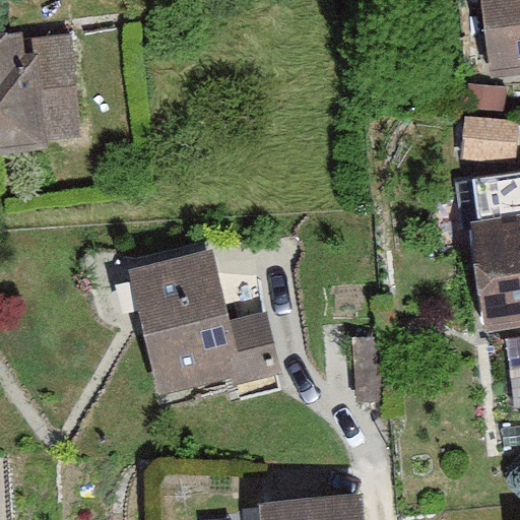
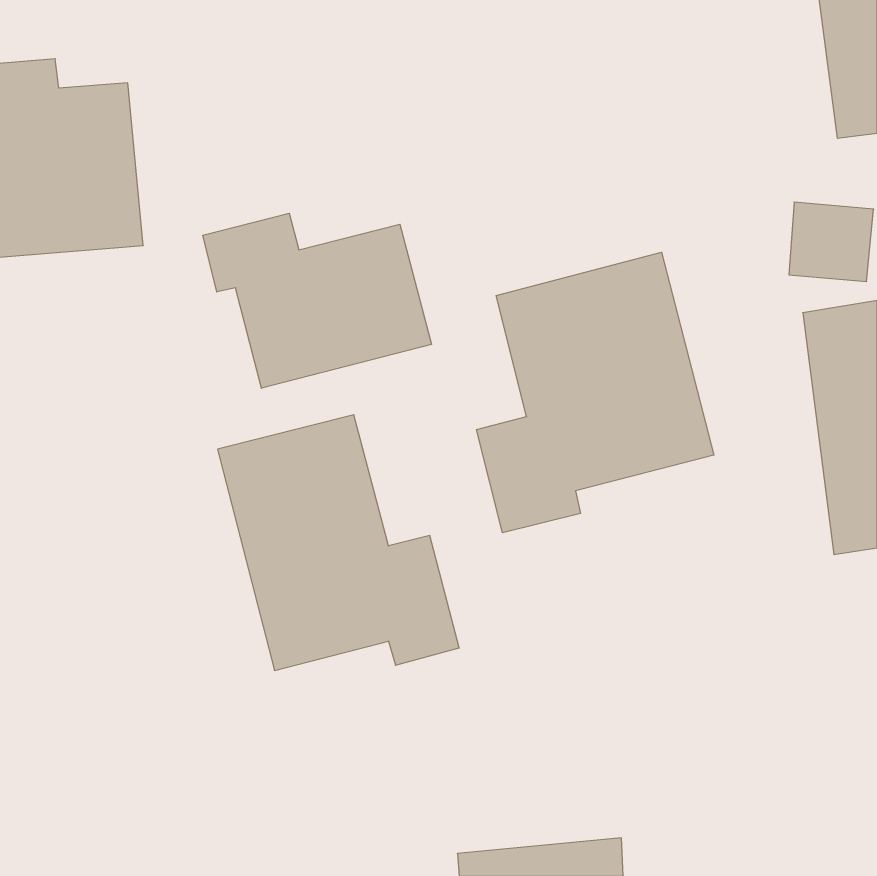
building: none -> [203,213,431,388]
building: none -> [476,252,714,533]

